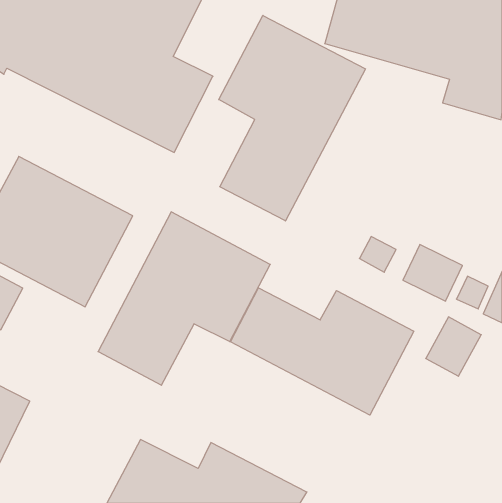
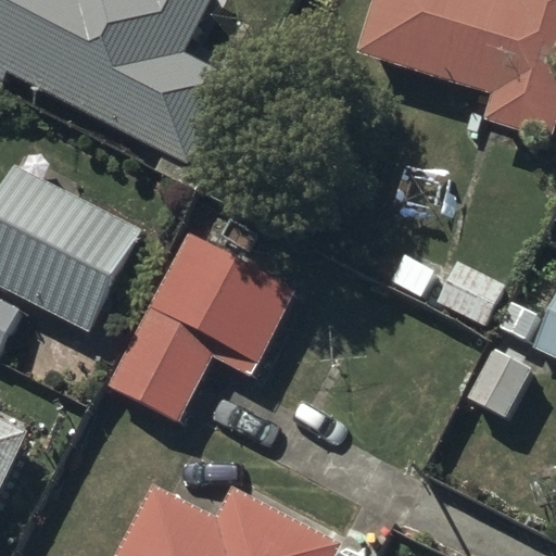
building: [219,15,365,221] -> none
building: [231,288,414,415] -> none

